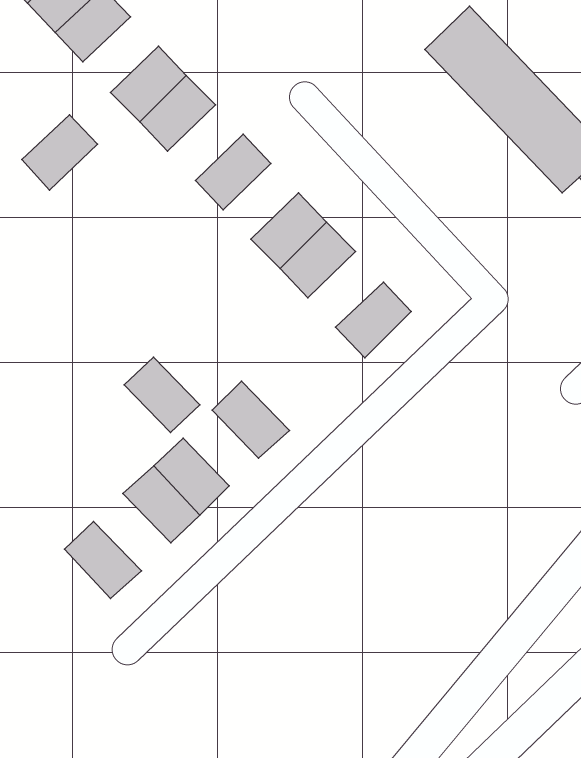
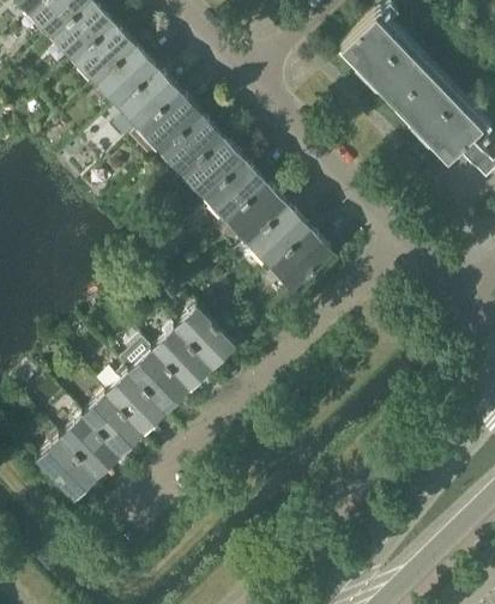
building: none -> [141,93,200,152]
building: [22,115,97,190] -> [76,25,134,84]
building: none -> [185,139,243,198]
building: none -> [250,207,309,266]
building: [124,357,200,433] -> [153,331,212,389]
building: none -> [84,395,144,455]
building: none -> [38,439,97,500]

